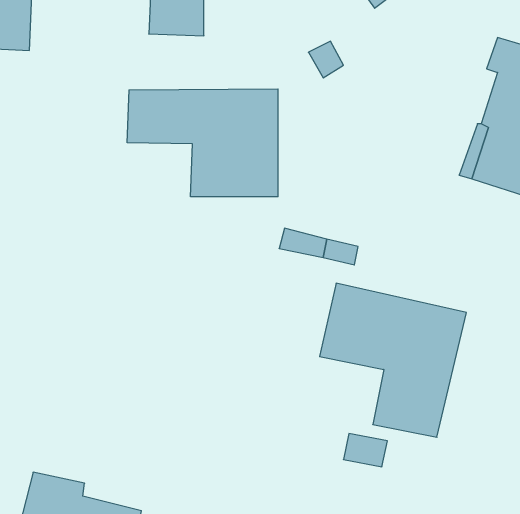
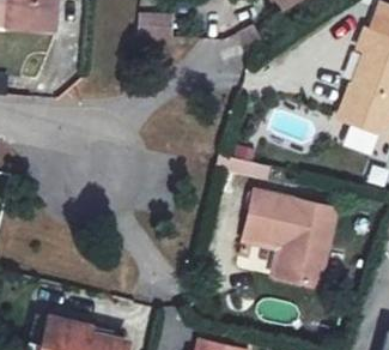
building: [127,89,278,197] -> none

